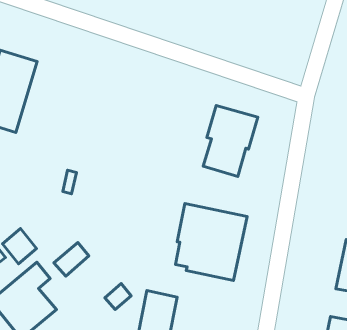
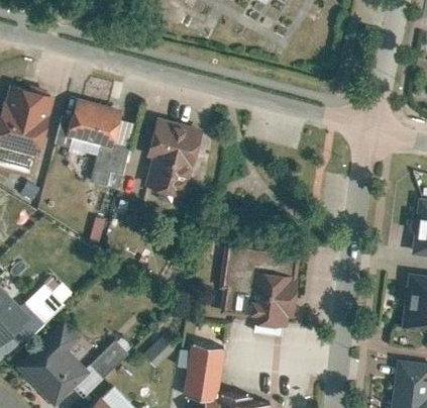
building: none -> [67,99,135,188]
building: [203,106,258,177] -> [145,120,203,198]
building: [54,243,89,276] -> [90,341,128,380]

